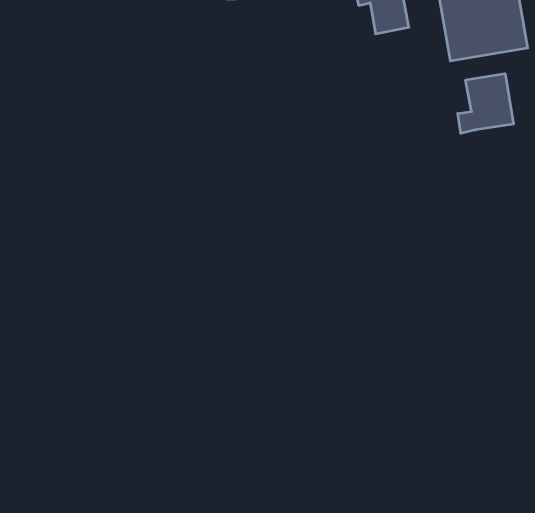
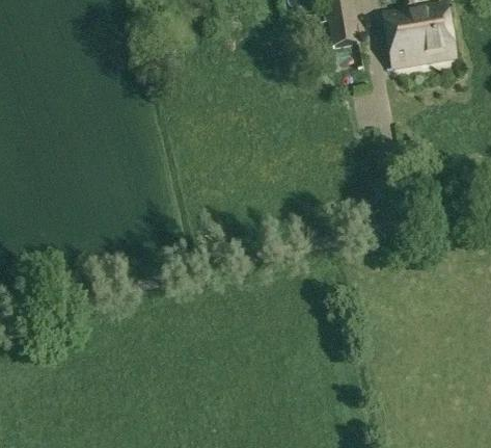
building: [458,74,513,133] -> none

